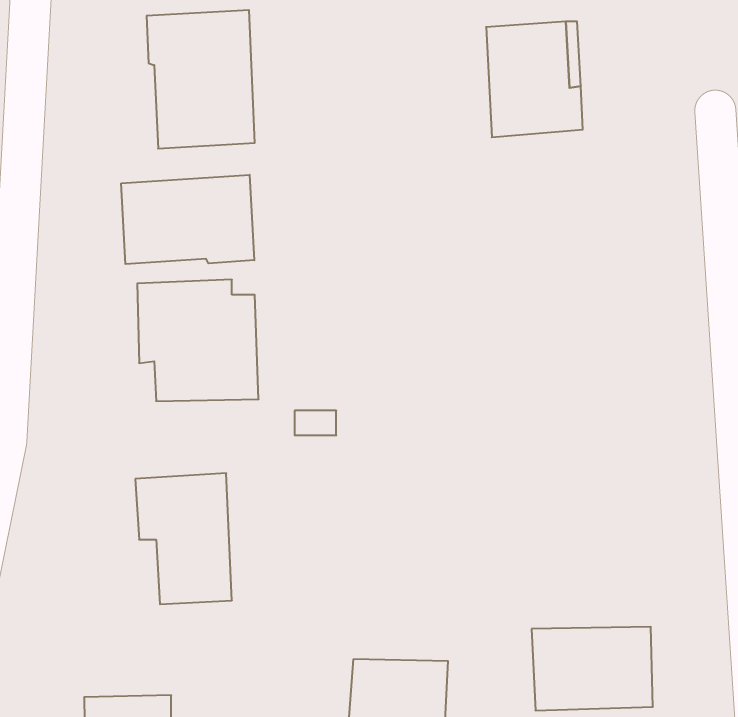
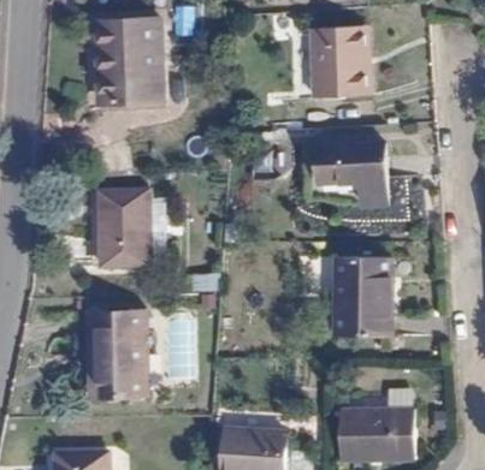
building: [121,175,254,264] -> none
building: none -> [317,141,388,206]
building: none -> [333,257,390,337]

